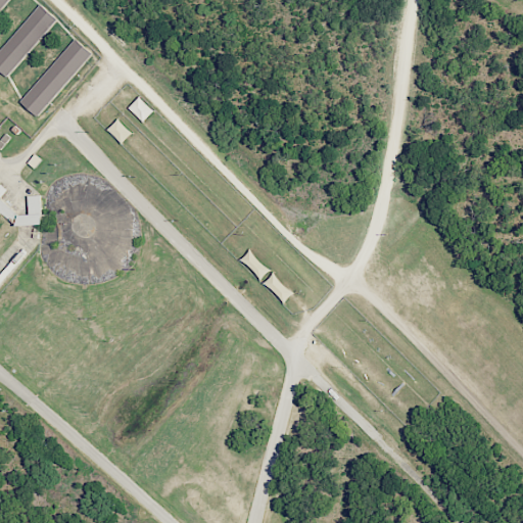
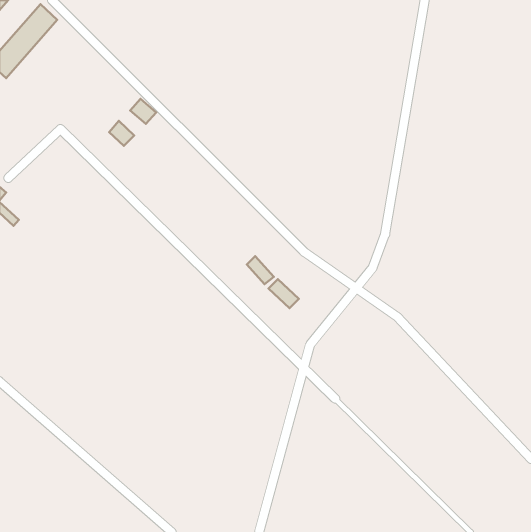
building: [19,39,91,117] -> none

